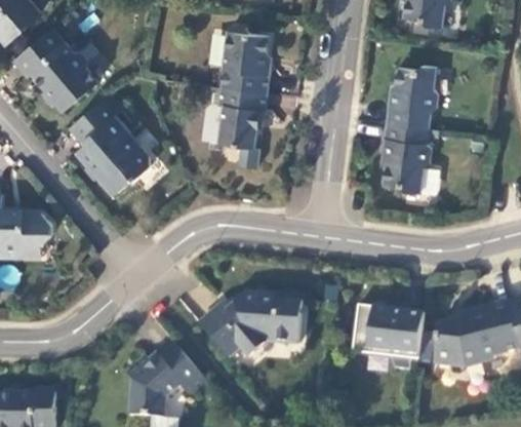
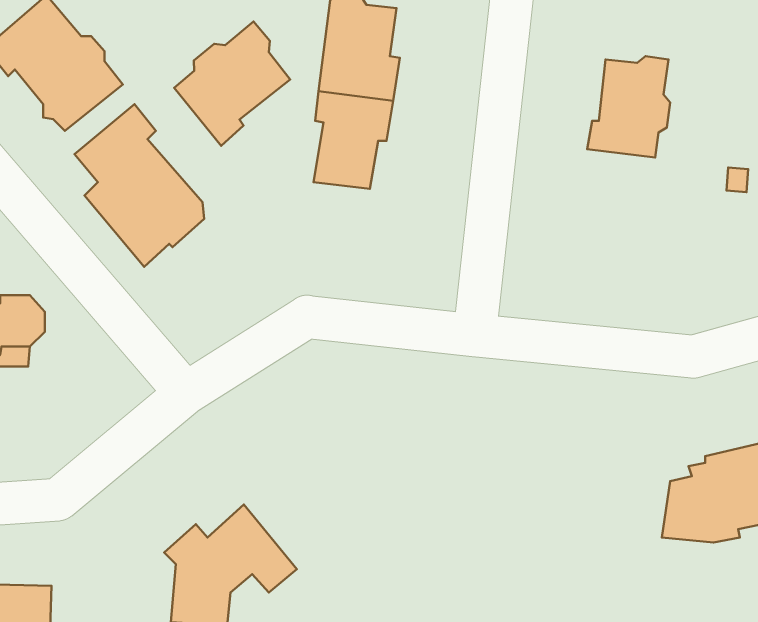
building: none -> [174,21,290,146]
building: [384,123,431,193] -> none
building: [198,293,303,358] -> none
building: [352,304,424,371] -> none

